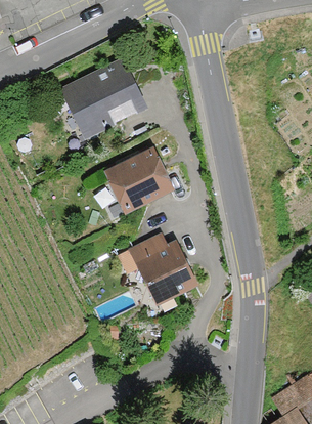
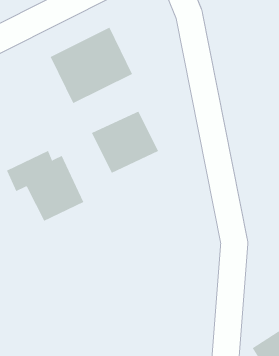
building: [116,231,198,307] -> [6,150,84,222]

